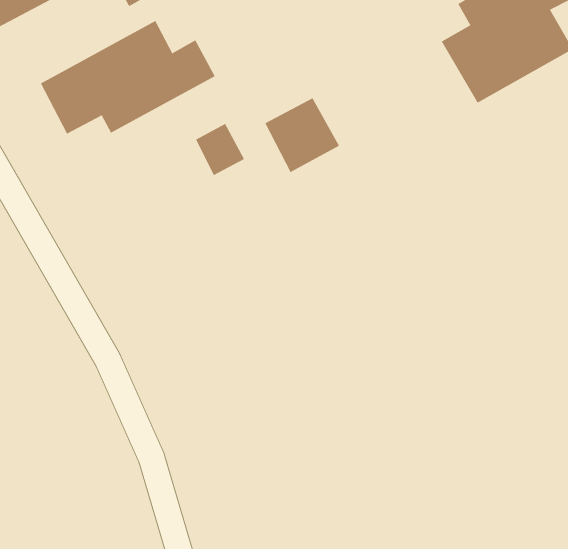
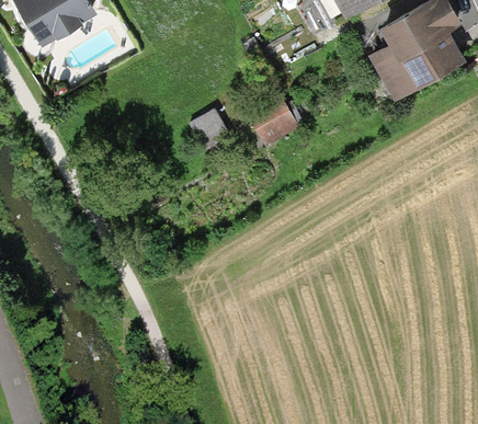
building: [40,20,216,135] -> none

